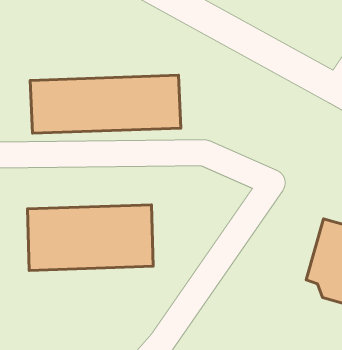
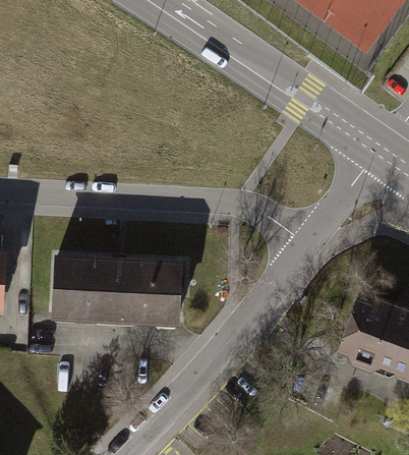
building: [30,75,181,133] -> none

